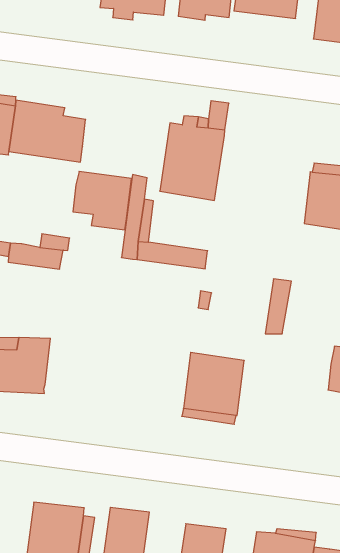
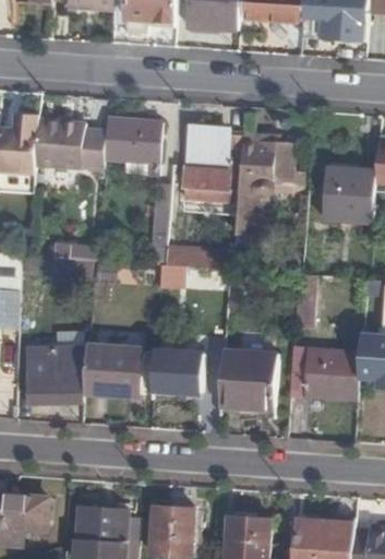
building: none -> [232,139,291,237]
building: [73,171,132,230] -> [104,119,158,173]
building: none -> [83,346,139,395]
building: none -> [151,350,202,392]
building: none -> [288,348,358,400]

